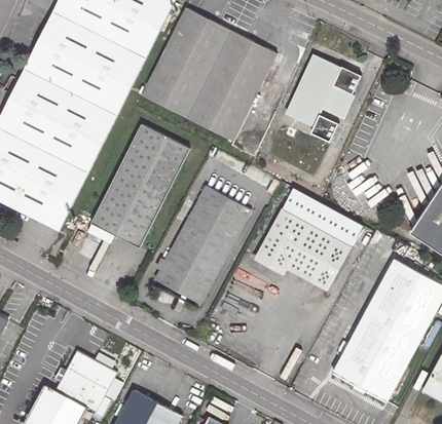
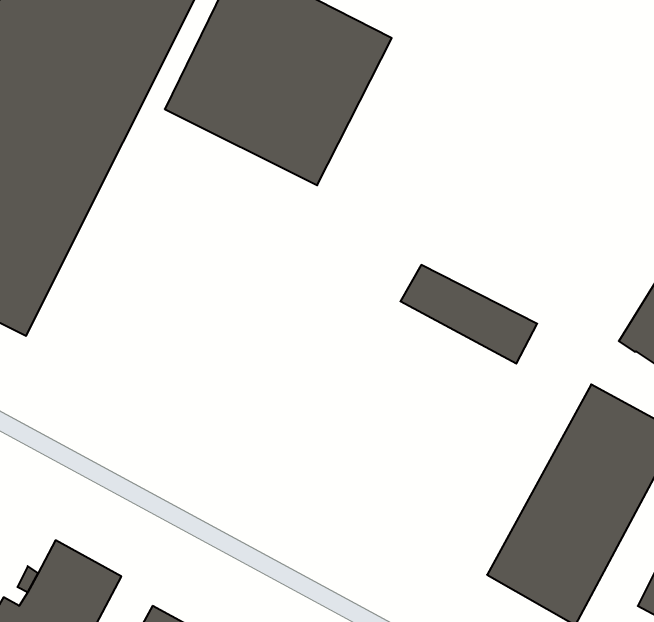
building: [286,54,361,144] -> none
building: [90,124,188,247] -> none
building: [154,186,251,304] -> none
building: [257,209,349,291] -> none

